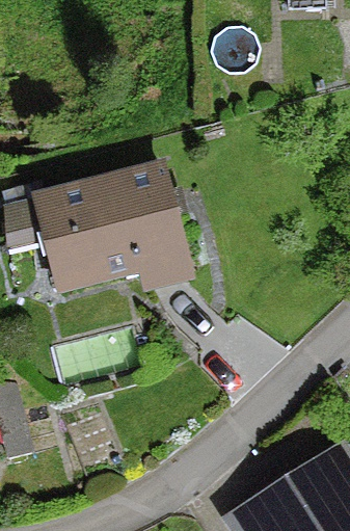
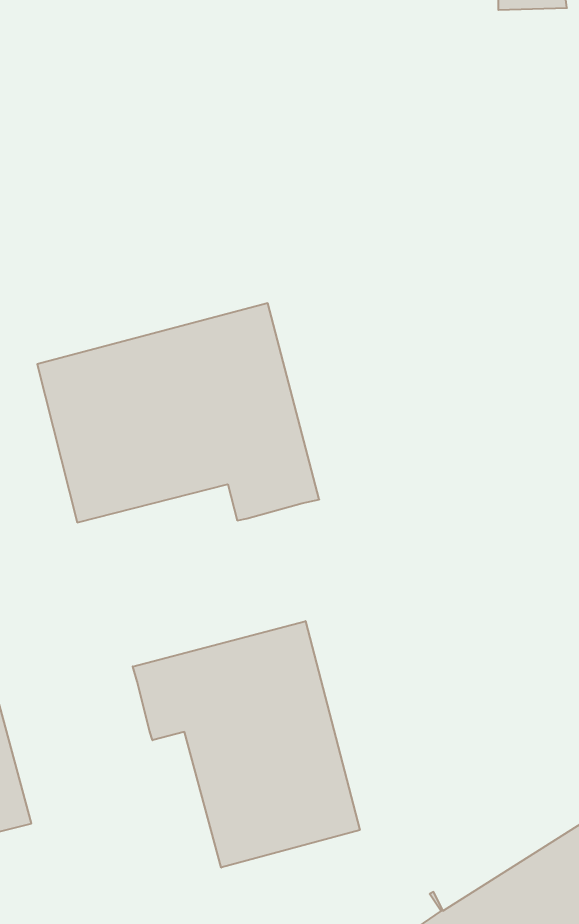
building: none -> [133,621,360,868]

